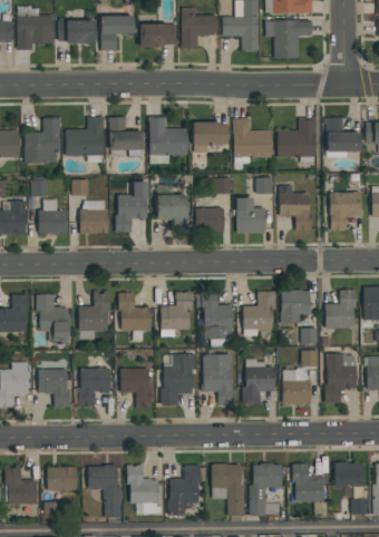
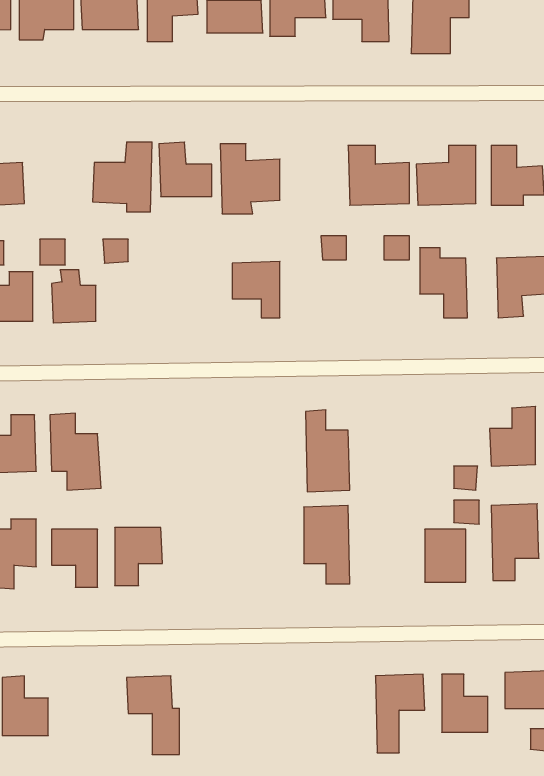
building: [23,117,61,163] -> none
building: [192,121,229,152] -> none
building: [116,180,147,232] -> none
building: [235,197,265,233] -> none
building: [80,199,107,233] -> none
building: [195,207,223,231] -> none
building: [78,290,109,339] -> none
building: [281,290,309,322] -> none
building: [161,291,191,335] -> none
building: [243,291,274,330] -> none
building: [118,292,150,330] -> none
building: [162,353,194,406] -> none
building: [244,359,275,404] -> none
building: [120,368,150,406] -> none
building: [211,462,243,516] -> none
building: [128,465,158,512] -> none
building: [168,465,200,515] -> none
building: [47,466,76,490] -> none

